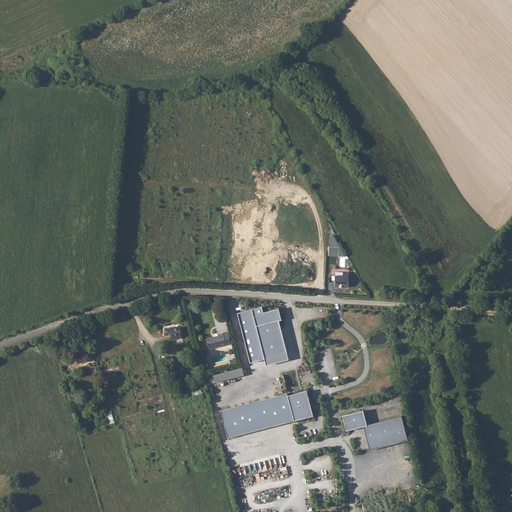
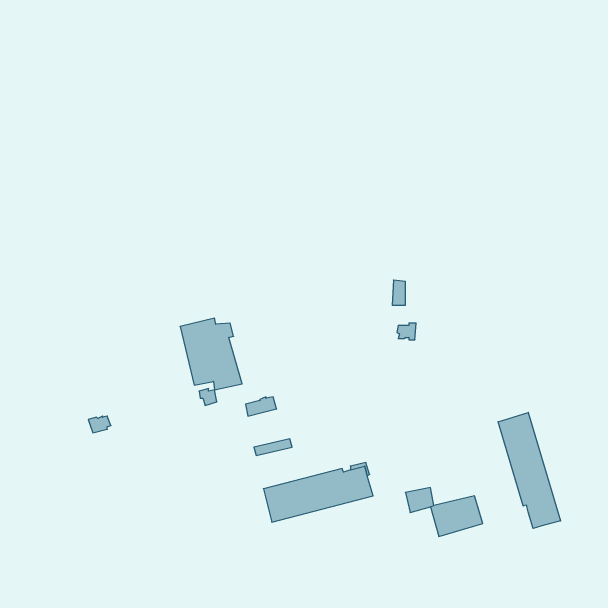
building: [236,305,288,365] -> [180,318,242,390]
building: none -> [498,412,561,528]

